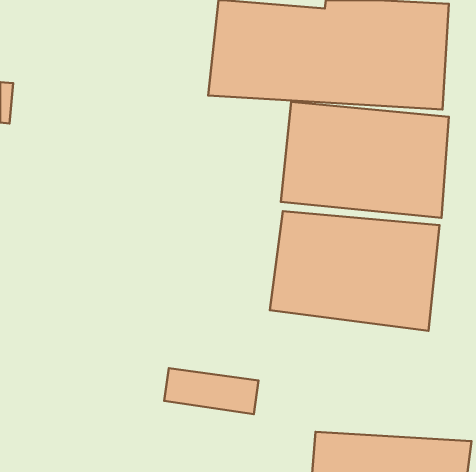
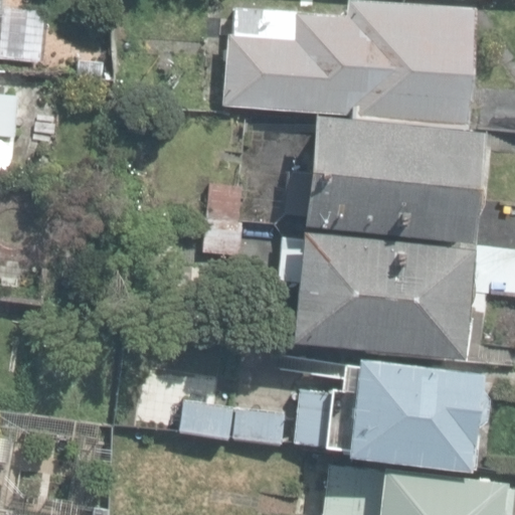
building: none -> [301,356,483,465]

